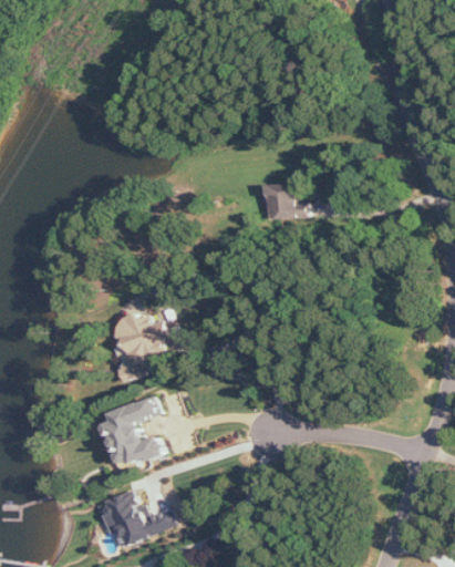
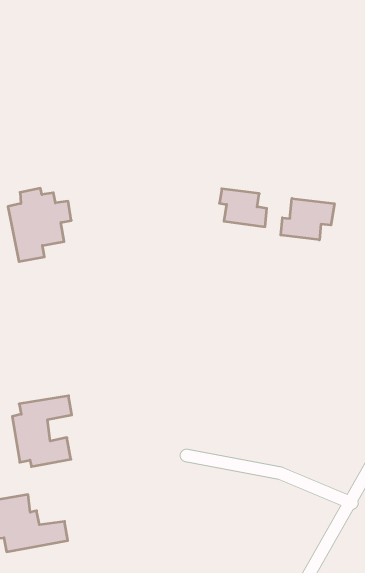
building: none -> [281,198,334,240]
building: [107,311,166,380] -> [8,188,71,262]

